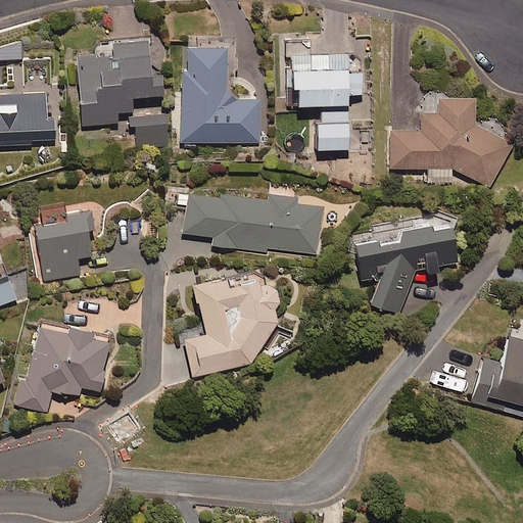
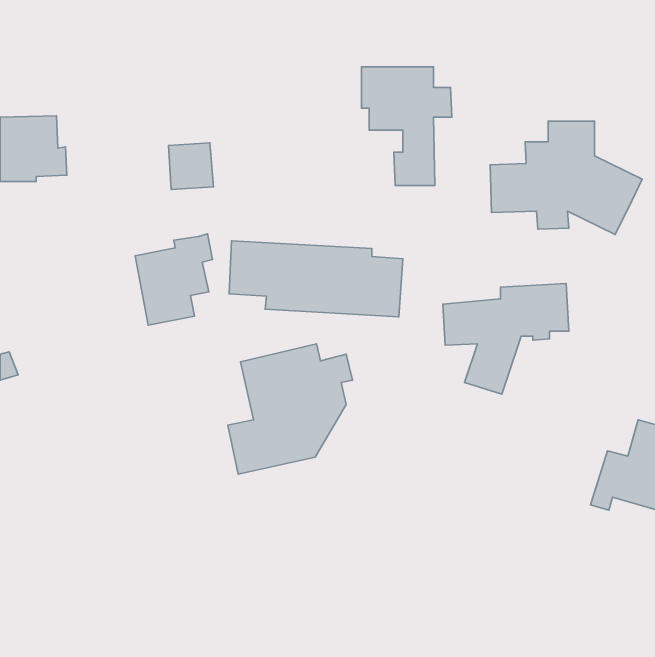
building: [81,36,170,127] -> none
building: [180,46,260,144] -> none
building: [34,209,95,282] -> [135,234,213,325]
building: [9,325,107,413] -> none

